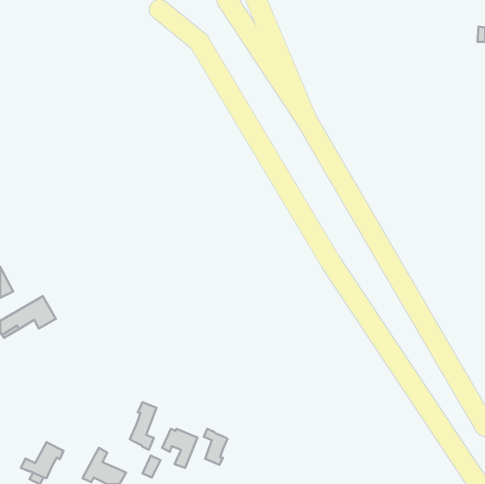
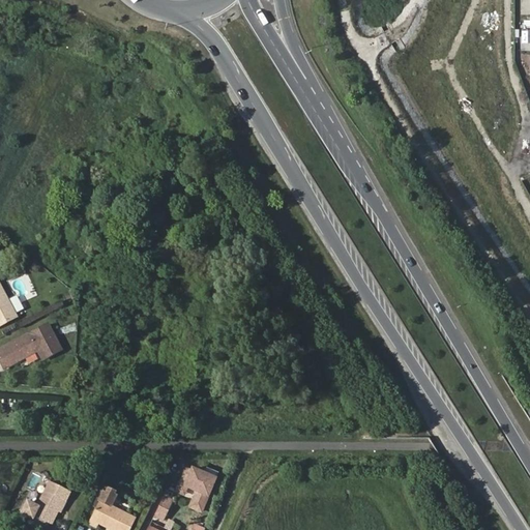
building: [130,402,156,450] -> none
building: [204,429,228,465] -> none

